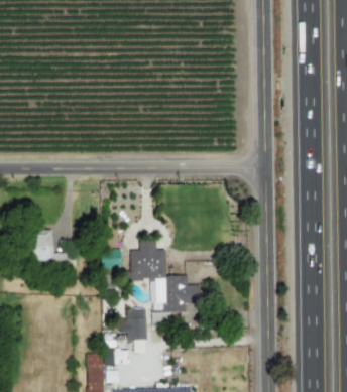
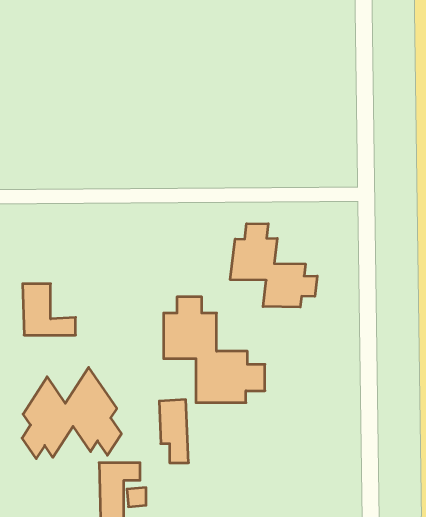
building: none -> [230,224,317,307]
building: none -> [22,367,121,459]

